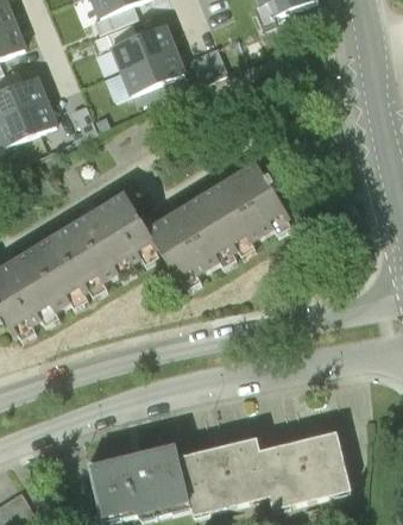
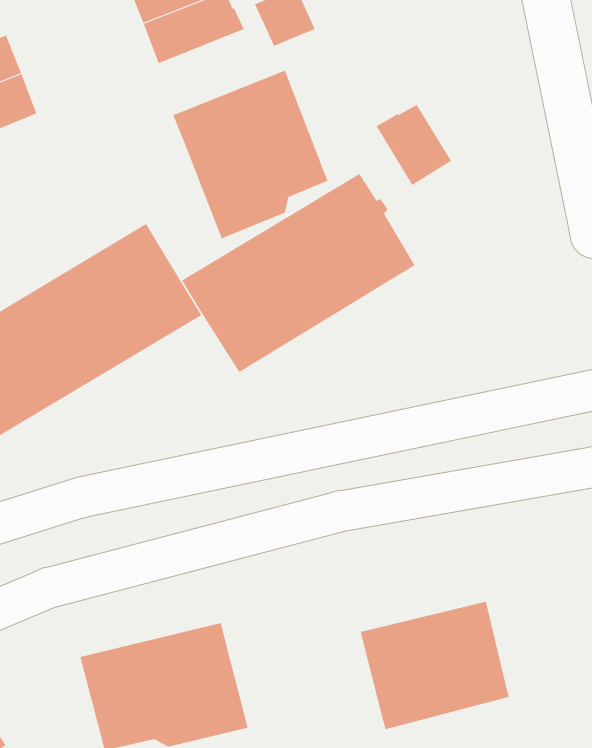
building: none -> [173,70,328,239]
building: none -> [376,104,452,186]
building: [172,435,266,513] -> none

